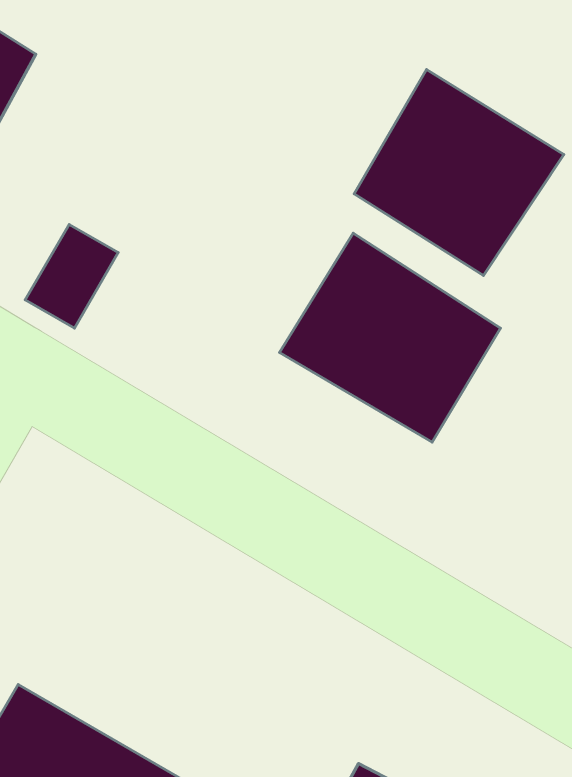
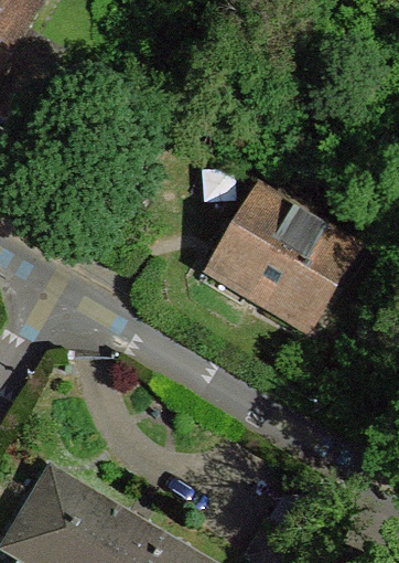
building: [354,70,564,275] -> none

